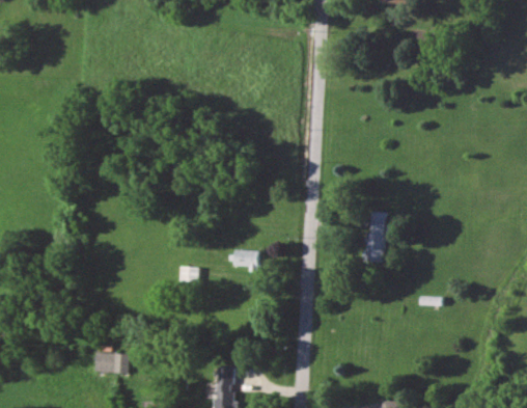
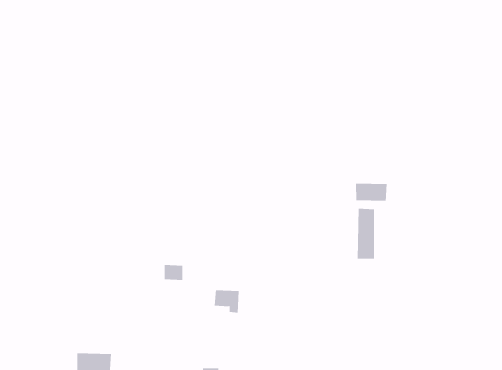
building: none -> [356,183,387,201]
building: [234,250,259,273] -> [214,290,240,313]

